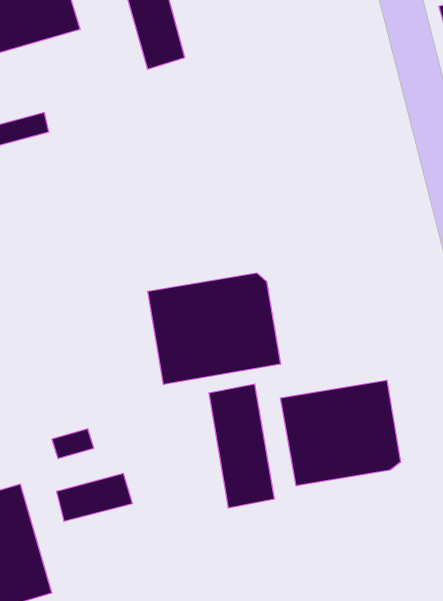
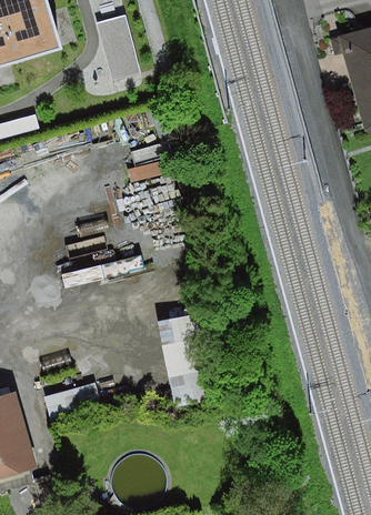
building: [148,273,280,385] -> none
building: [281,380,401,486] -> none

